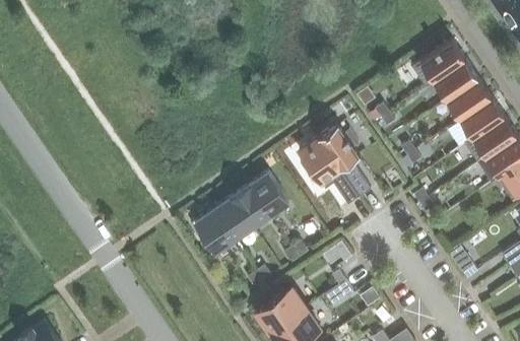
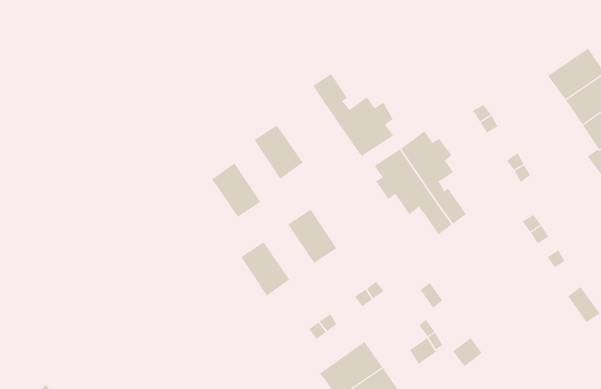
building: [412,40,465,87] -> none
building: none -> [313,73,394,157]
building: [250,173,288,215] -> [254,125,303,179]
building: [213,197,252,240] -> [211,163,261,217]

